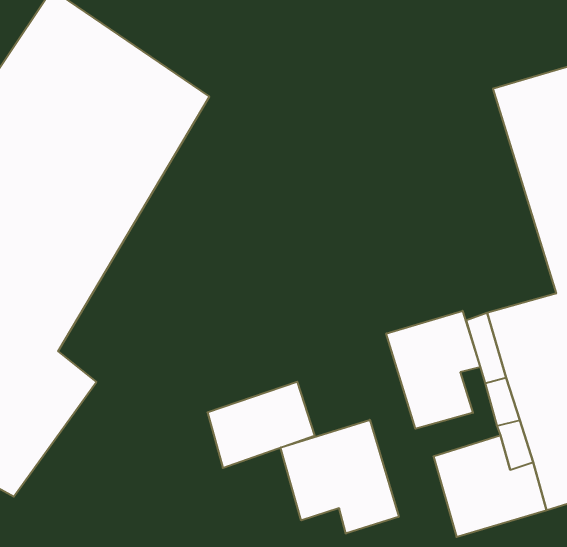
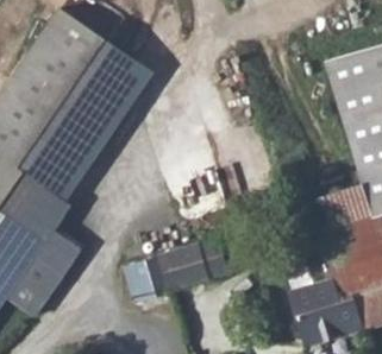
building: [386,311,480,429] -> none
building: [281,420,399,534] -> none

